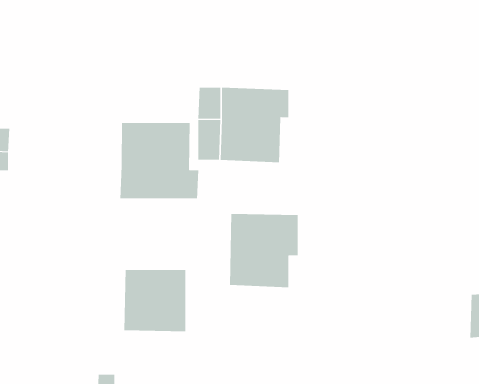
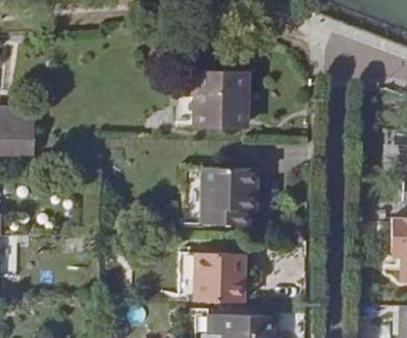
building: [120,122,199,199] -> none
building: [124,269,186,332] -> [194,254,243,303]

